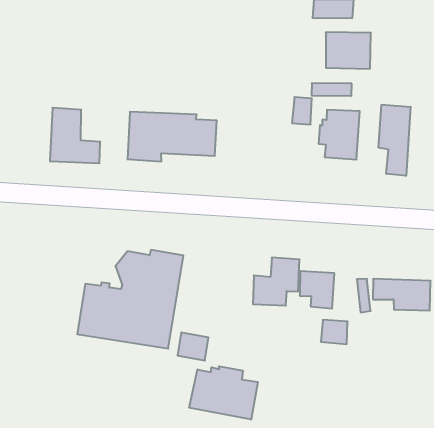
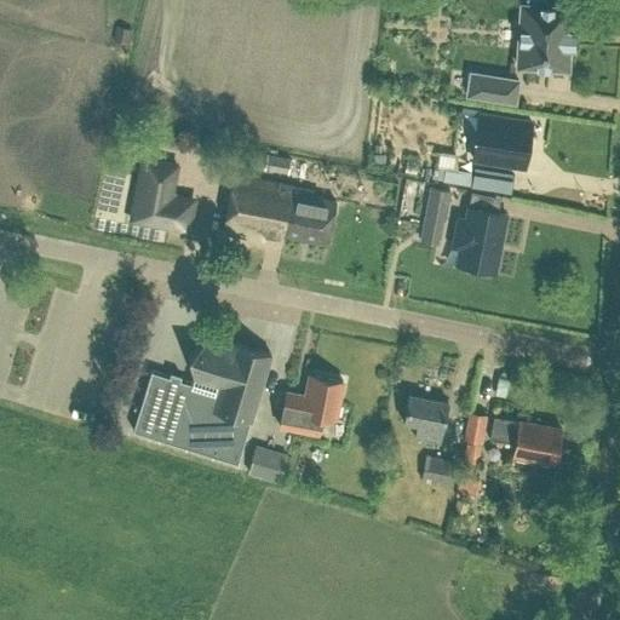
building: [379,105,411,176] -> none
building: [253,258,300,306] -> [281,375,344,435]
building: [189,366,258,420] -> none

